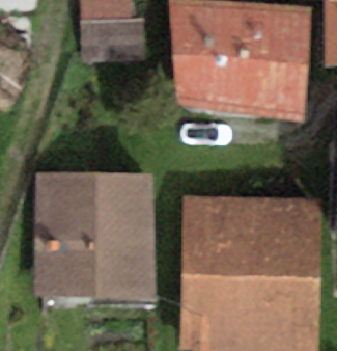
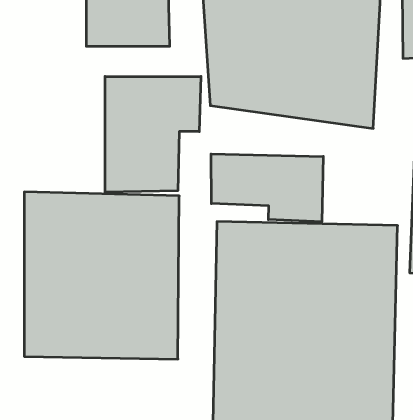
building: none -> [105,76,201,192]
building: none -> [211,154,323,222]

